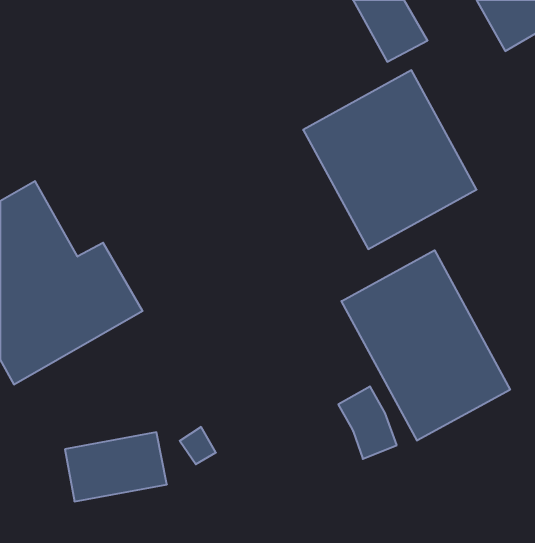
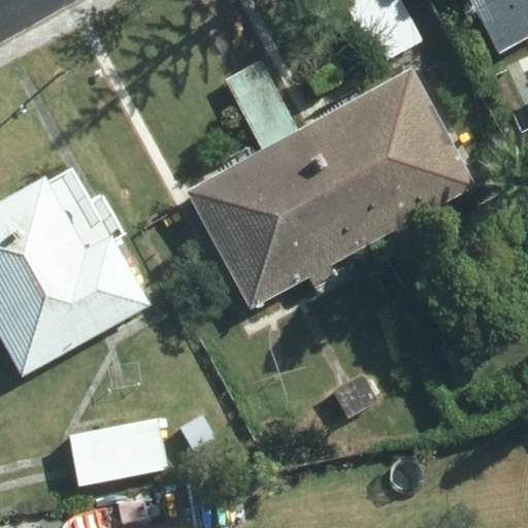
building: none -> [187,62,365,305]
building: [341,250,510,441] -> none

